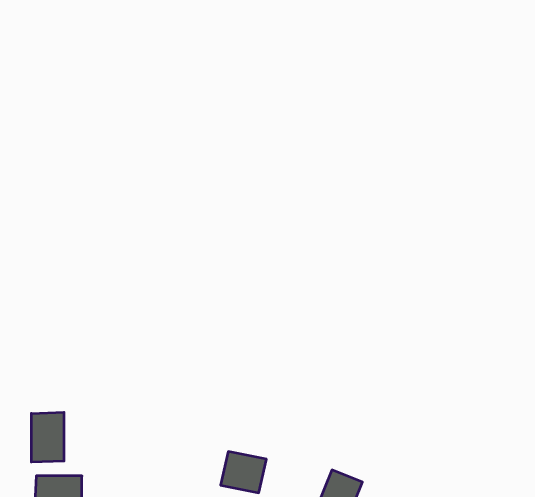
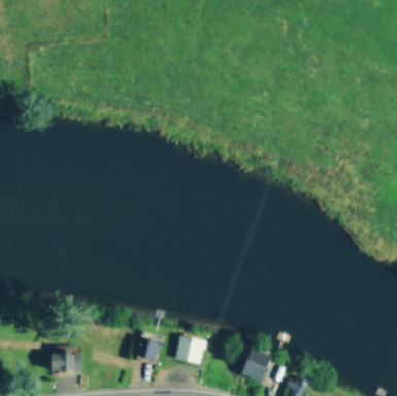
building: [31,412,64,462] -> none
building: none -> [136,337,160,360]

